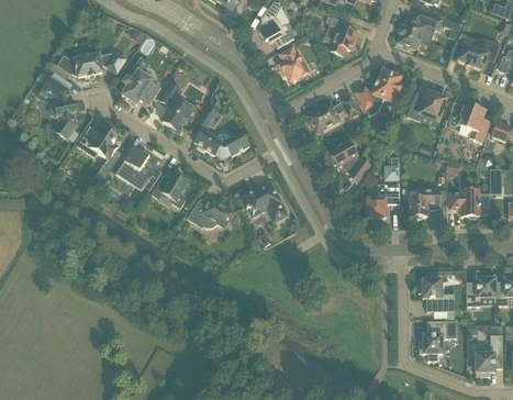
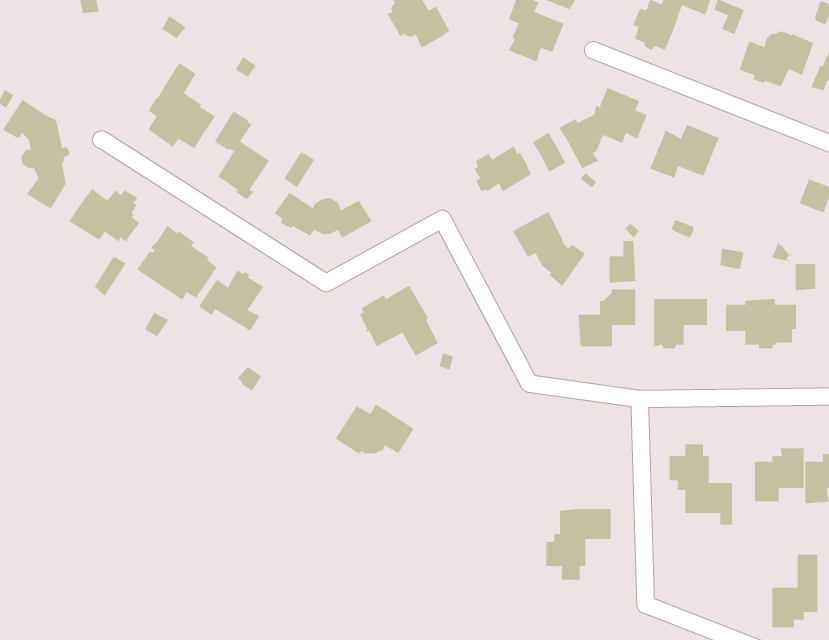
building: [279,46,306,81] -> none
building: [57,51,126,76] -> none
building: [456,104,490,142] -> none
building: [188,198,233,226] -> [335,404,414,454]
building: [419,320,456,360] -> [546,508,611,580]

